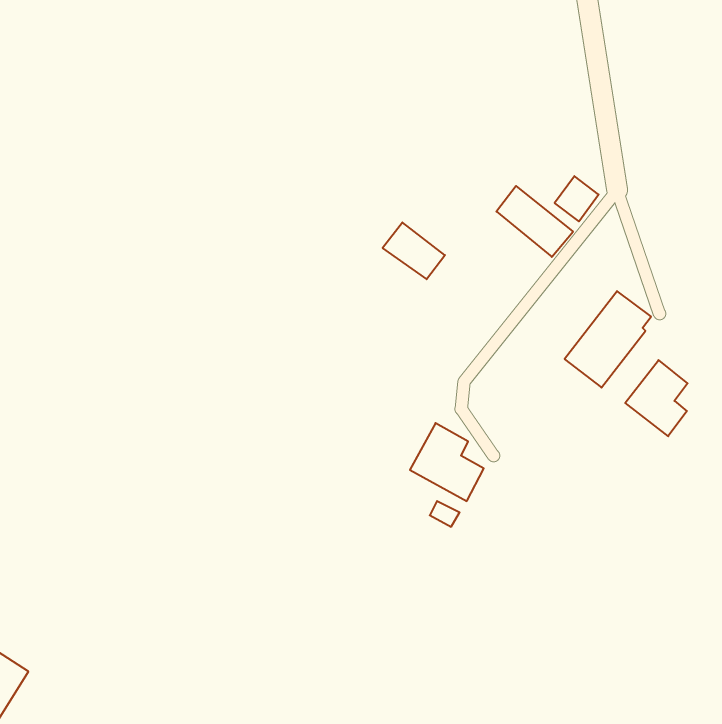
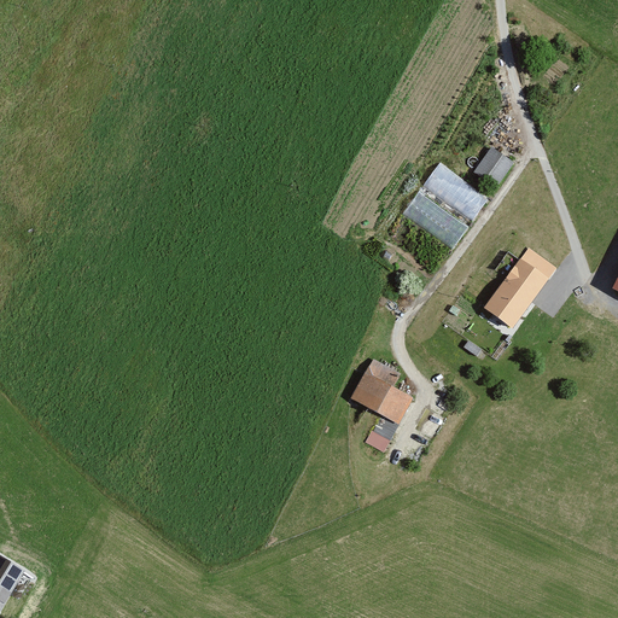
building: [383,222,445,279] -> [414,197,467,245]
building: [625,360,688,436] -> none

